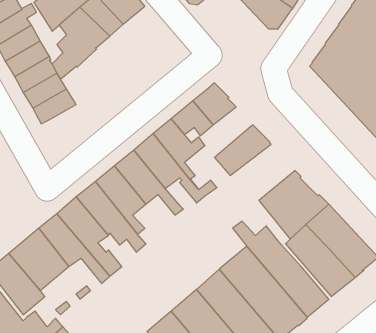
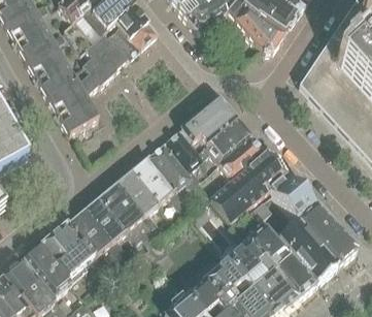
building: none -> [205,118,251,161]
building: none -> [210,149,288,221]

